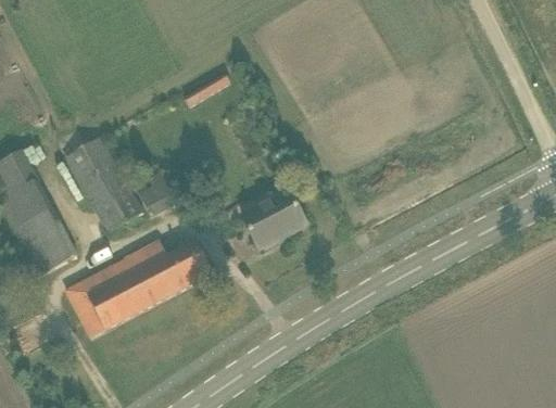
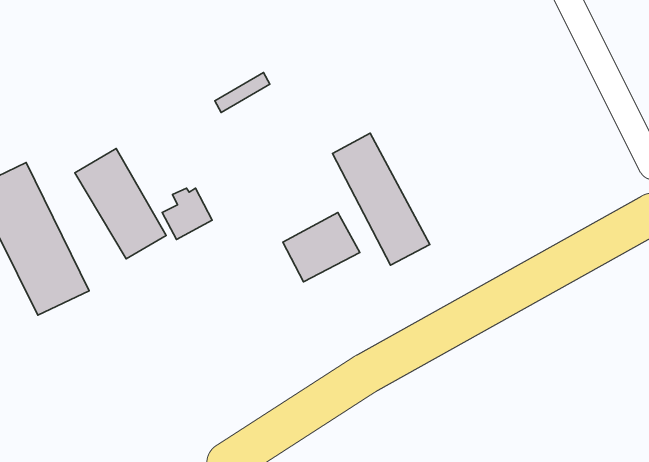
building: none -> [332,133,430,265]
building: [64,239,211,337] -> none

